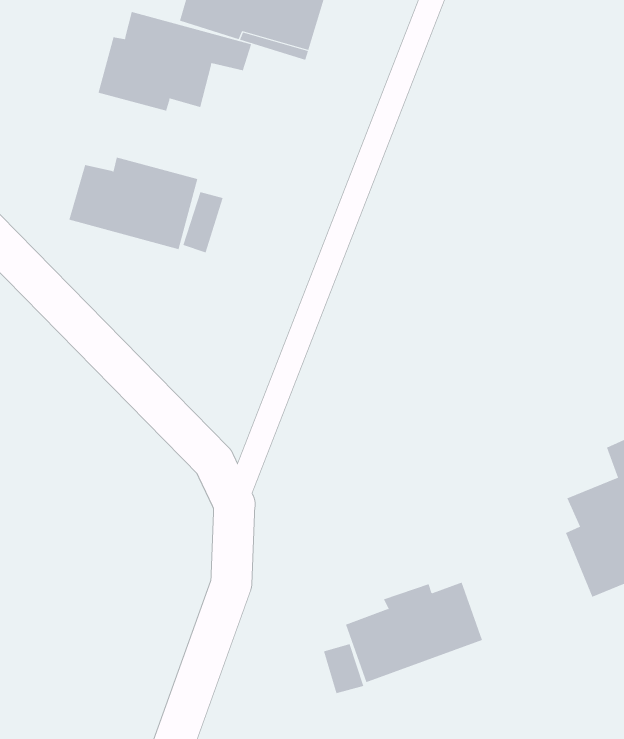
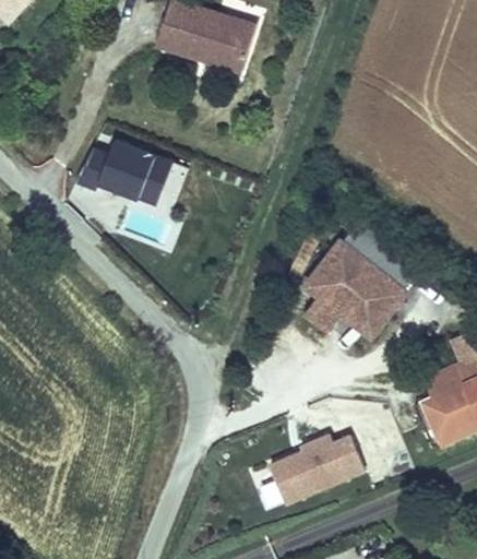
building: [98,11,252,112] -> none
building: none -> [307,247,402,337]

